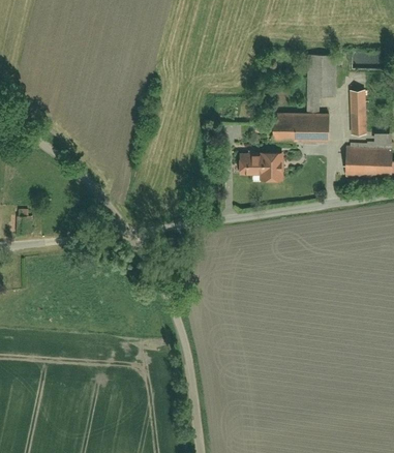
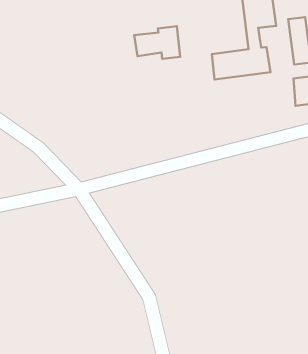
building: [240,151,282,181] -> [134,26,180,59]

